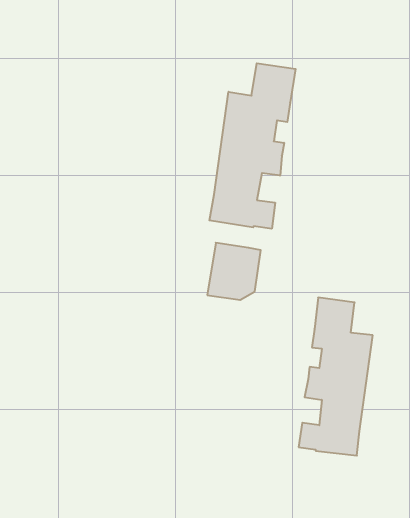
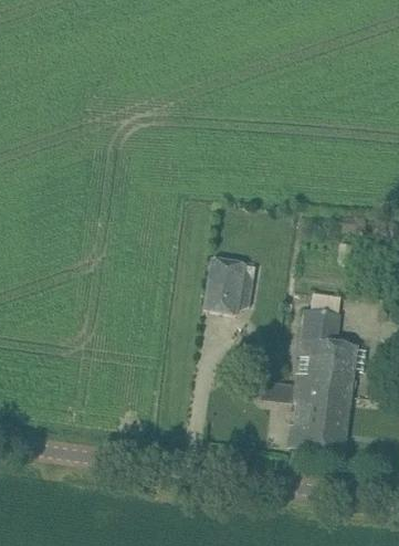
building: [209,63,296,229] -> none

